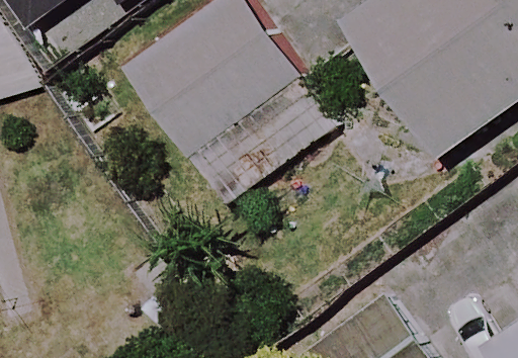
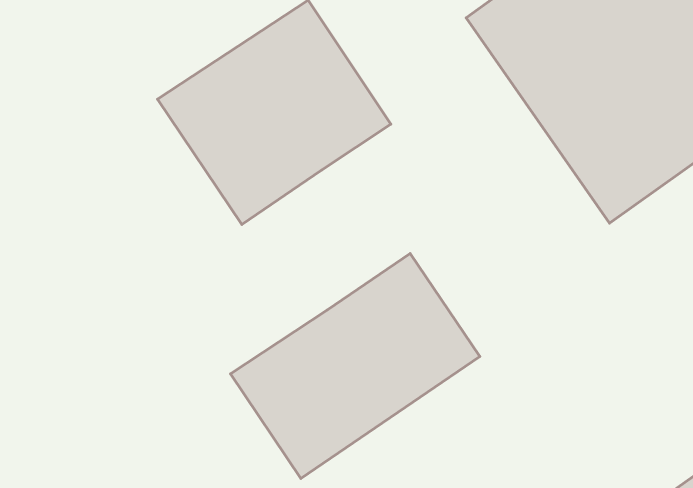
building: none -> [231,254,480,479]

